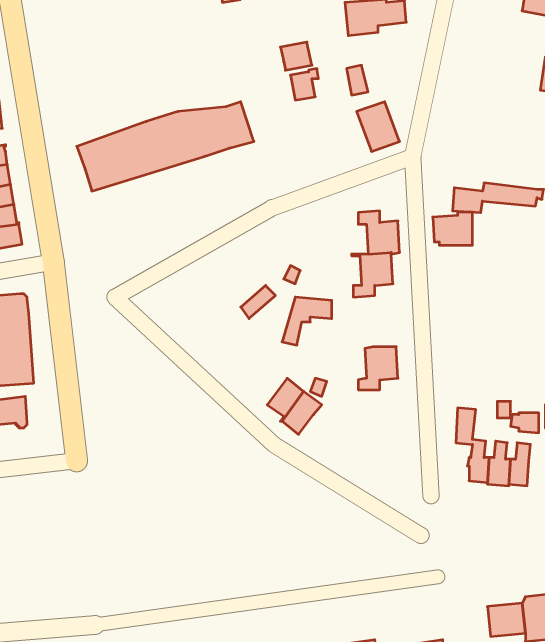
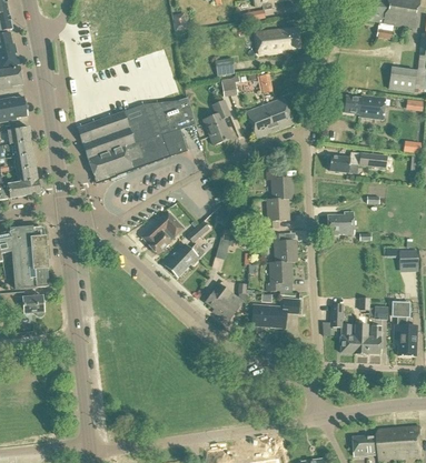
building: none -> [344,94,385,119]
building: none -> [202,99,230,144]
building: none -> [246,103,275,137]
building: none -> [87,128,187,181]
building: [433,212,472,245] -> [327,211,354,233]
building: none -> [141,211,184,252]
building: none -> [269,233,297,261]
building: none -> [166,244,199,275]
building: none -> [251,298,298,326]

